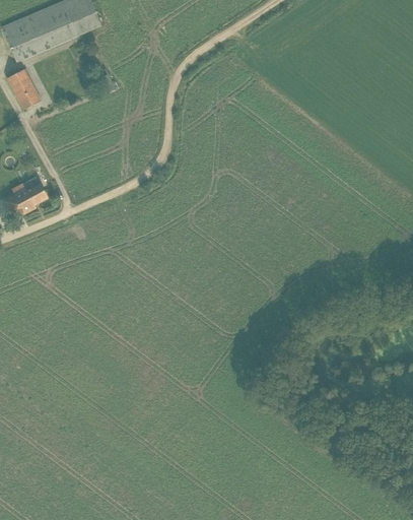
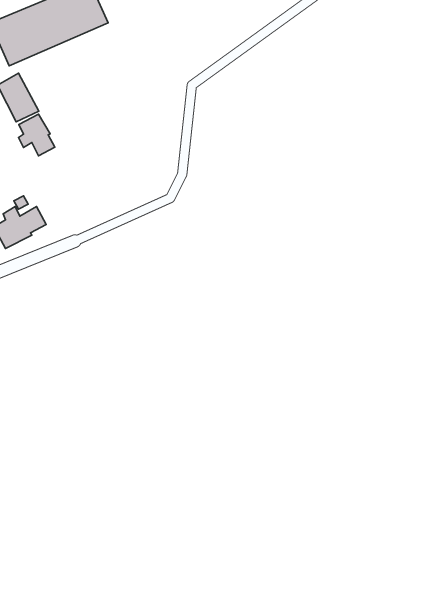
building: none -> [19,114,55,156]

